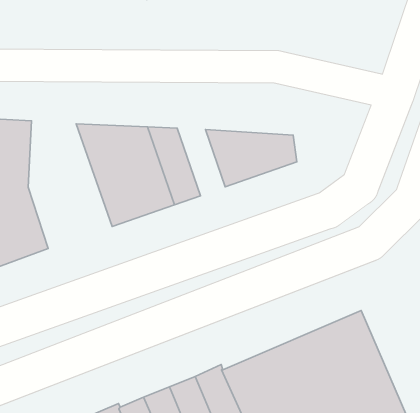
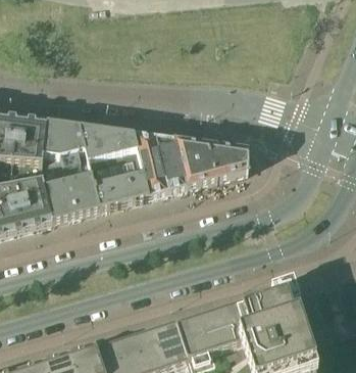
building: none -> [43,121,104,219]
building: none -> [160,136,193,189]

